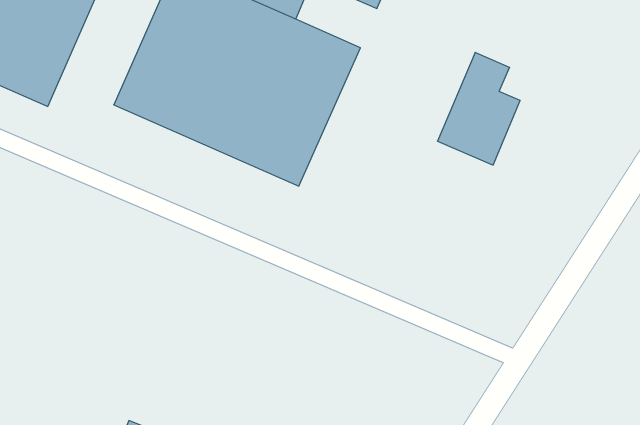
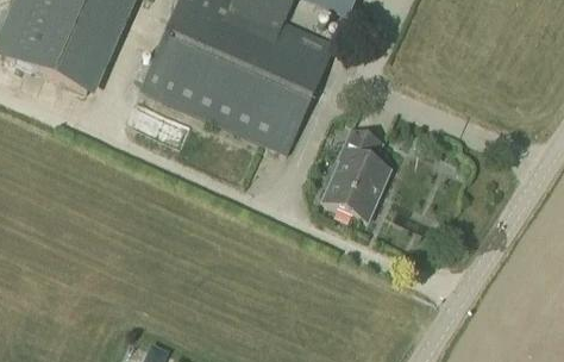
building: [437,52,520,165] -> [325,130,390,219]

